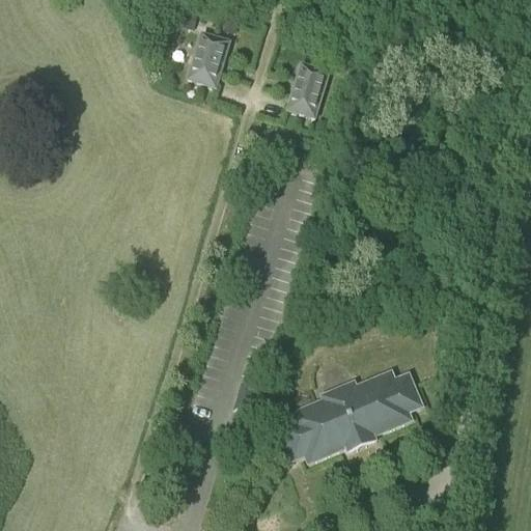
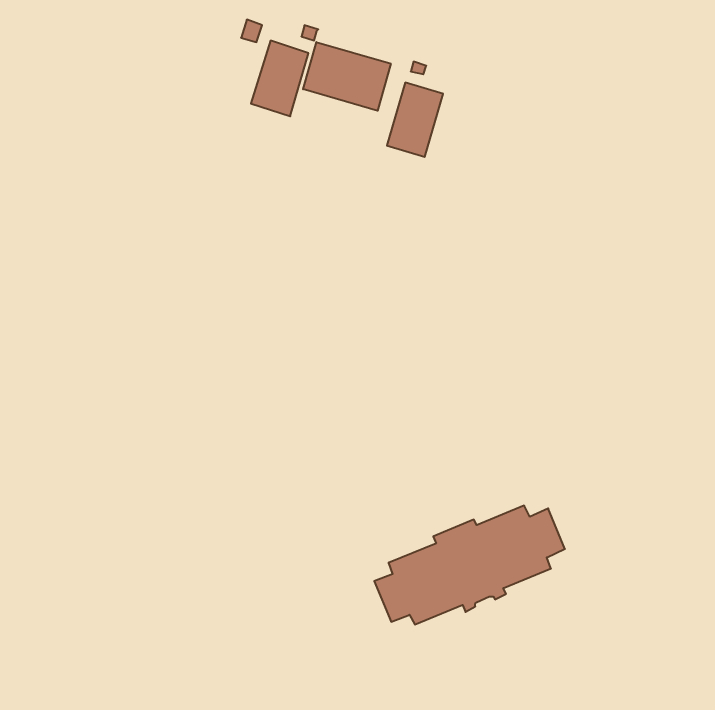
building: none -> [303,42,391,111]

